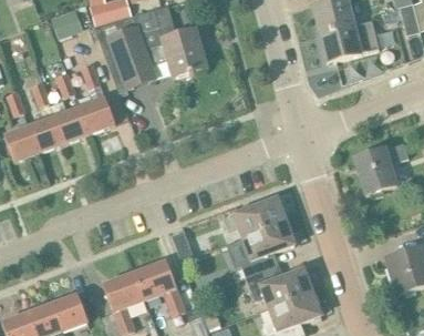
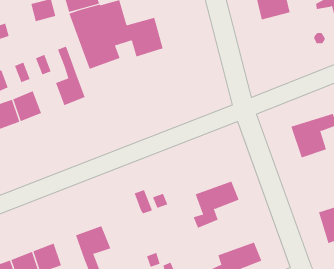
building: [319,20,378,61] -> none
building: [53,106,89,142] -> none
building: [224,197,285,236] -> none
building: [133,261,184,315] -> none
building: [245,266,311,307] -> none

